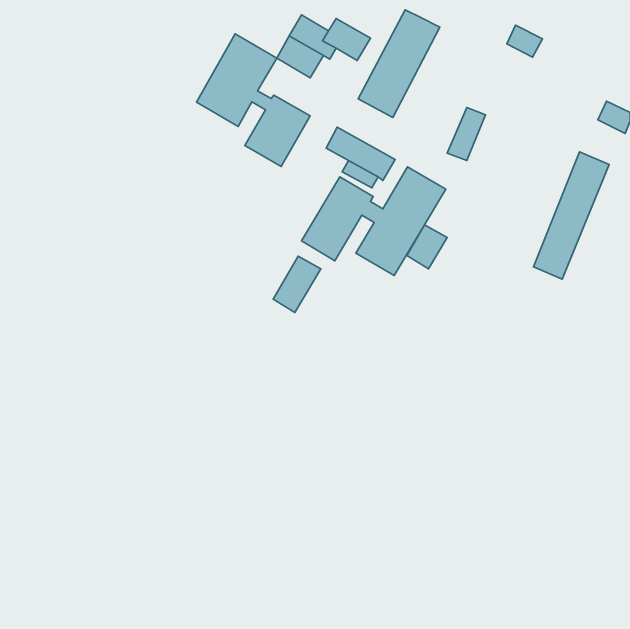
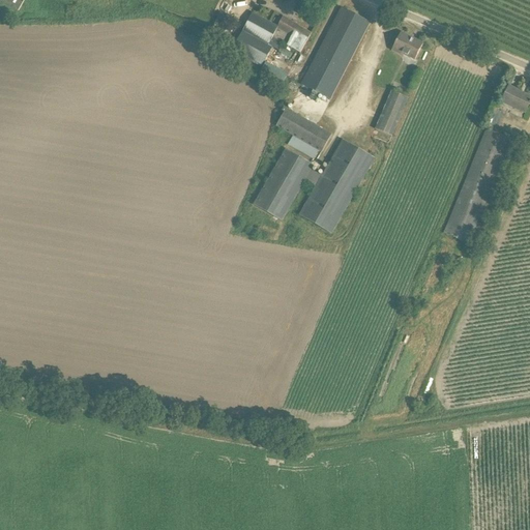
building: [507,25,543,57] -> [392,31,422,58]
building: [197,34,310,166] -> none
building: [407,225,447,269] -> none
building: [273,256,321,312] -> none

